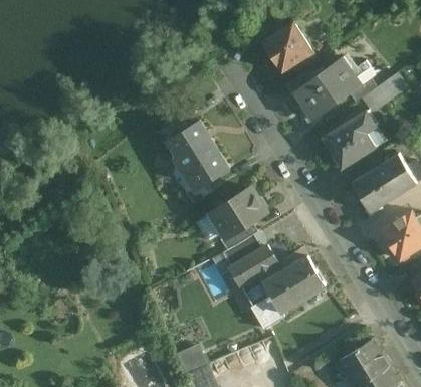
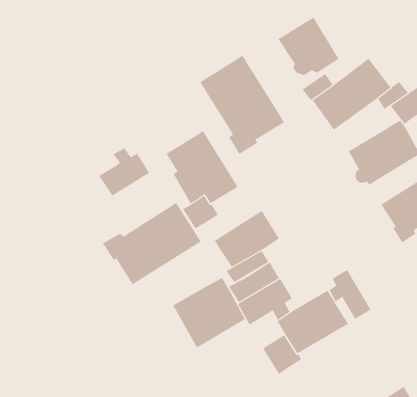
building: none -> [199,55,285,155]
building: none -> [99,148,150,196]
building: none -> [102,202,202,285]
building: none -> [329,269,371,320]
building: none -> [173,277,246,348]

